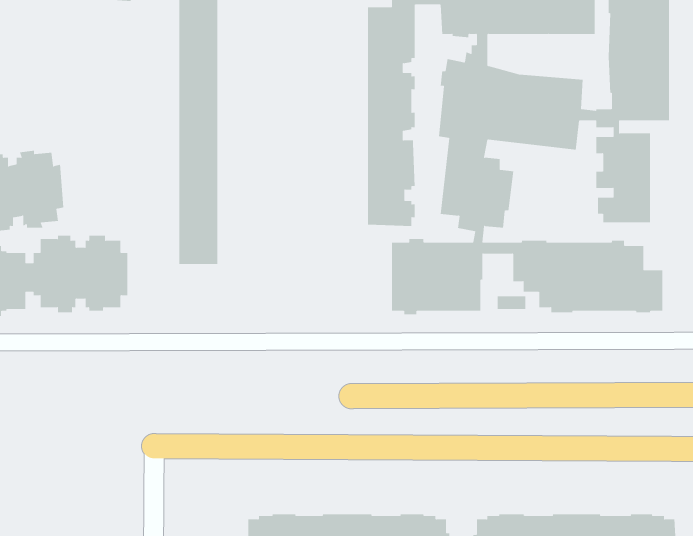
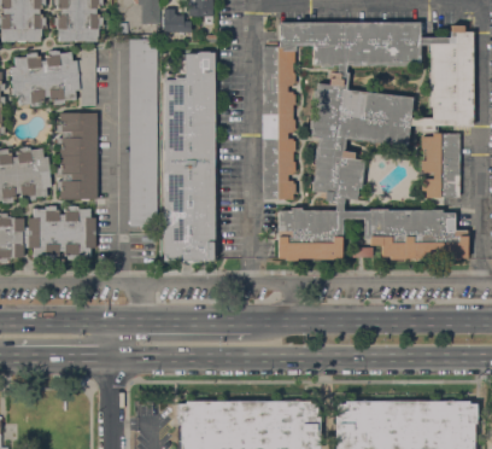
building: none -> [11,47,96,106]
building: none -> [163,51,215,262]
building: none -> [57,112,98,198]

